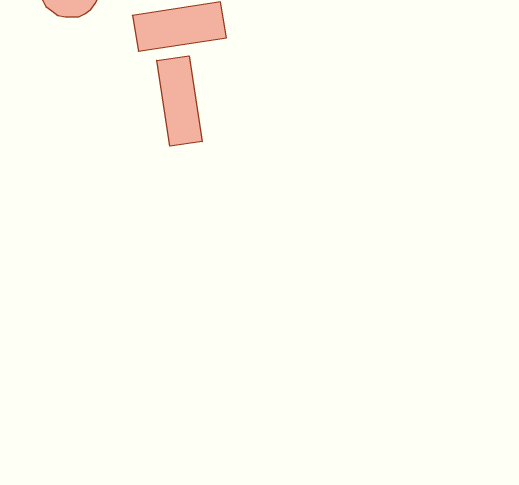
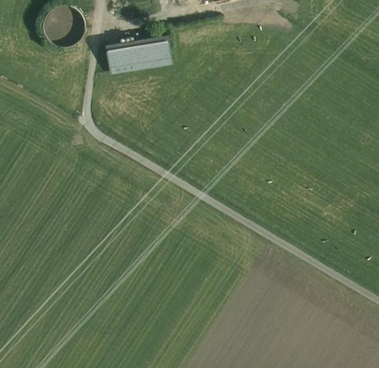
building: [157,56,202,146] -> none

